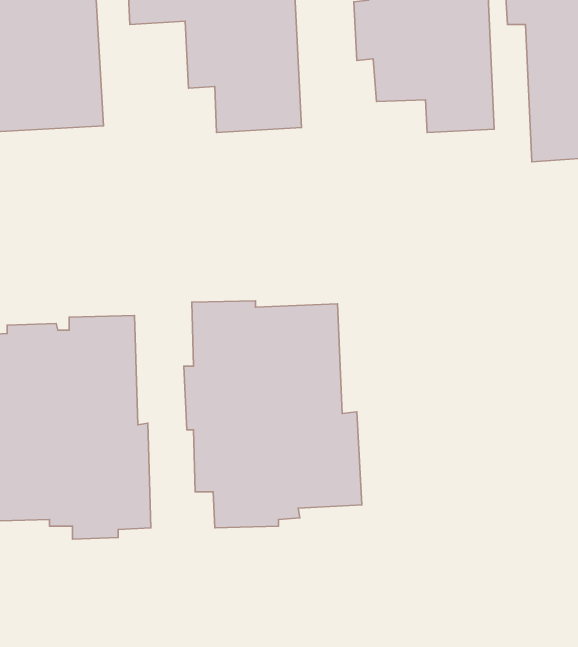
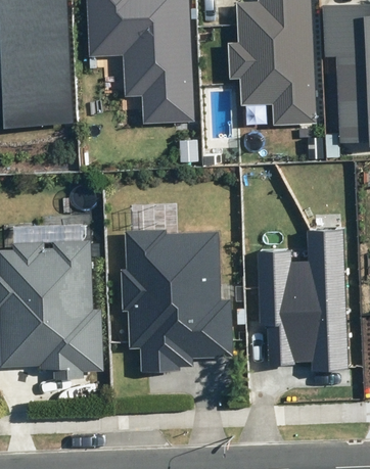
building: none -> [256,230,350,372]

